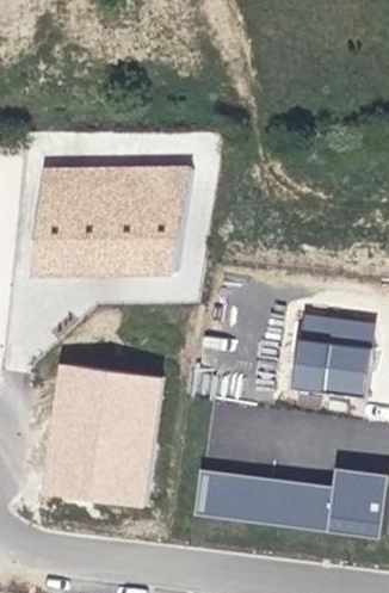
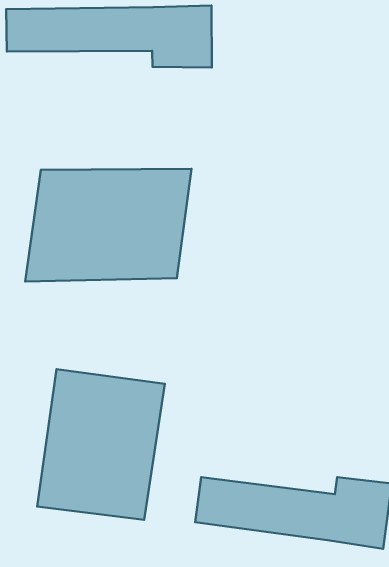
building: none -> [6,5,212,67]
building: [291,313,376,397] -> none

